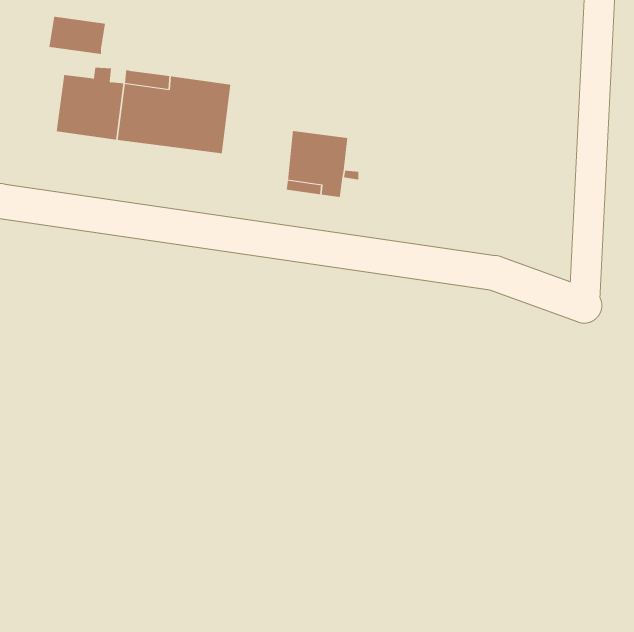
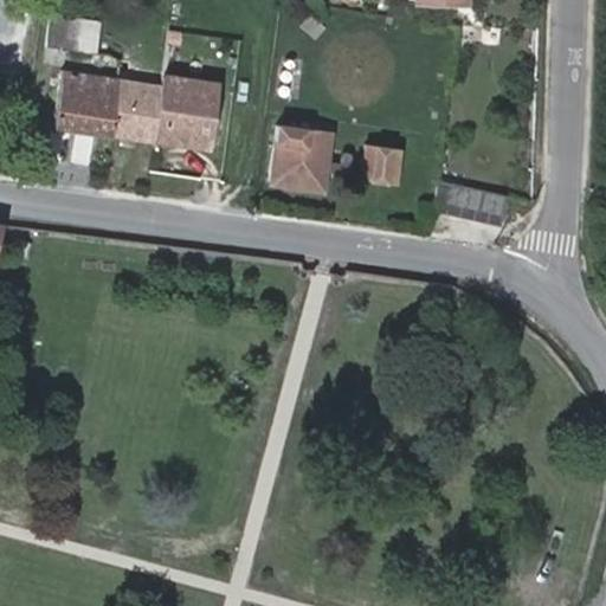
building: none -> [365,146,402,185]
building: none -> [433,179,509,227]

